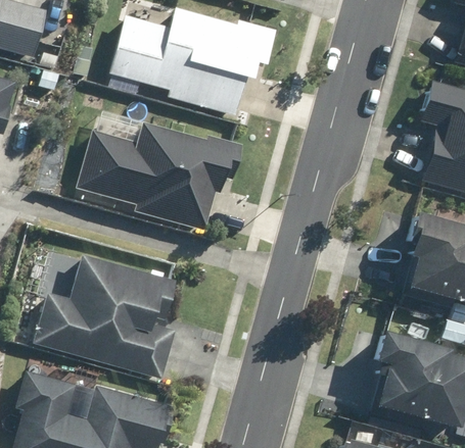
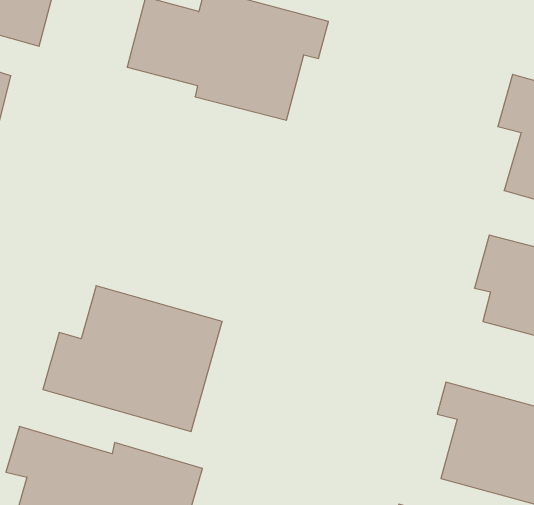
building: [82,120,238,231] -> none

